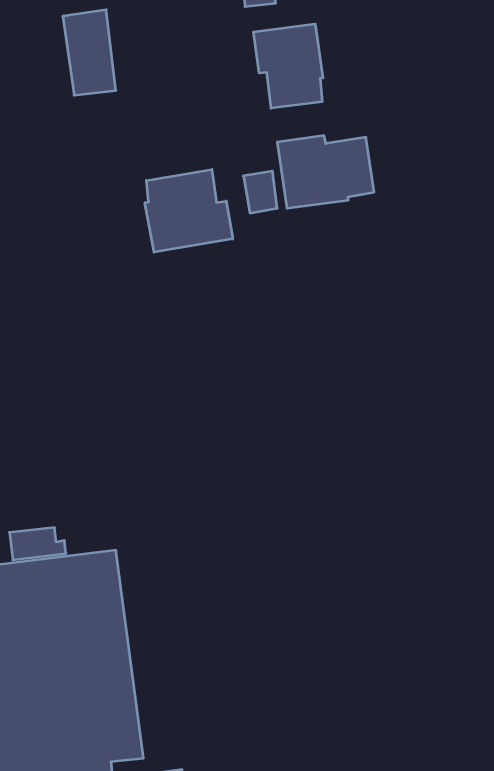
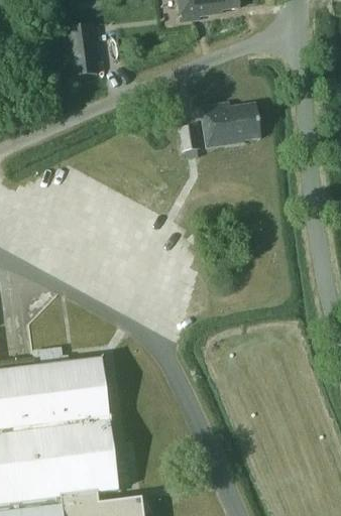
building: [254,24,323,108] -> none
building: [145,169,233,252] -> none

